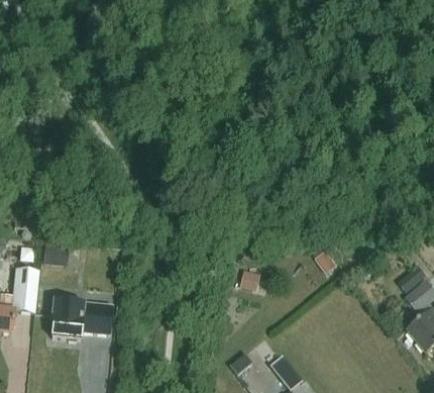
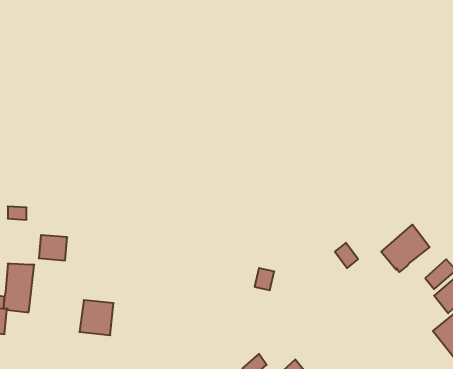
building: none -> [381,225,430,272]
building: [51,295,85,337] -> none

